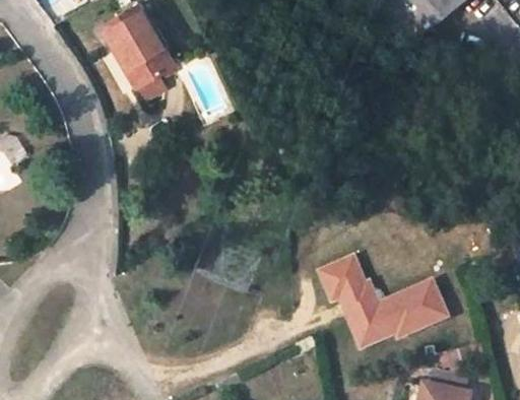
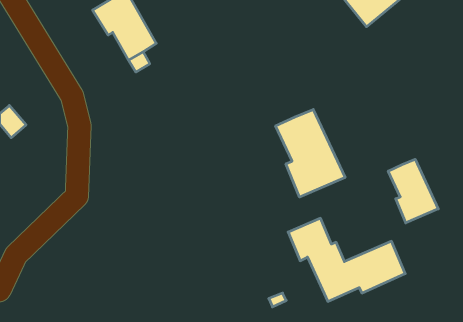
building: none -> [276,109,345,197]
building: none -> [388,159,438,223]

